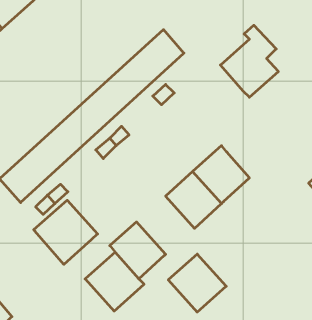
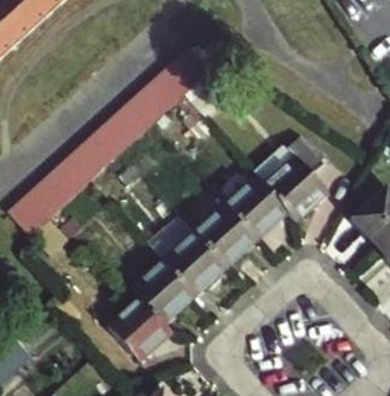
building: [220,25,278,97] -> [262,136,326,215]
building: [34,200,98,264] -> none
building: [168,254,226,312] -> [162,228,226,293]

